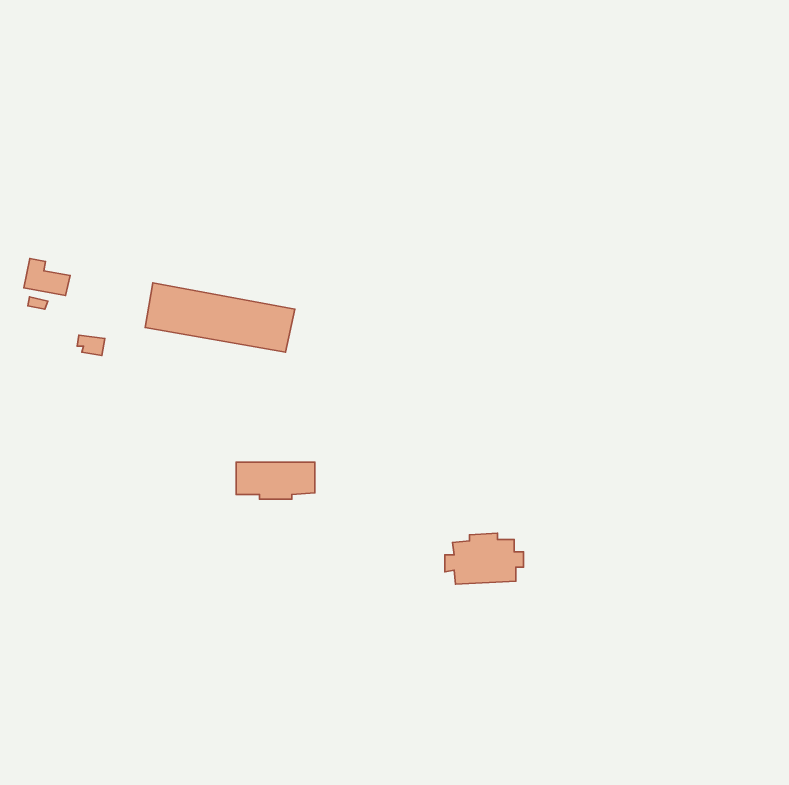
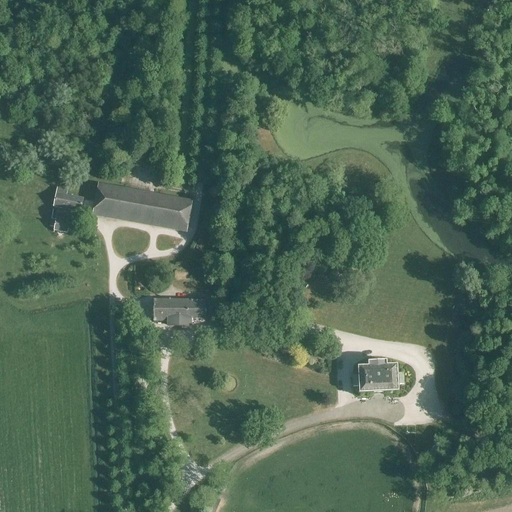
building: [24,259,70,296] -> [53,185,83,209]
building: [445,533,524,584] -> [352,360,403,393]

